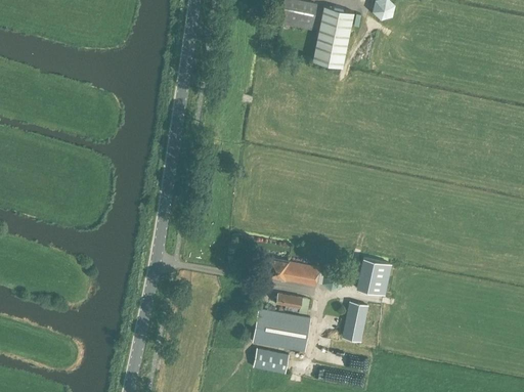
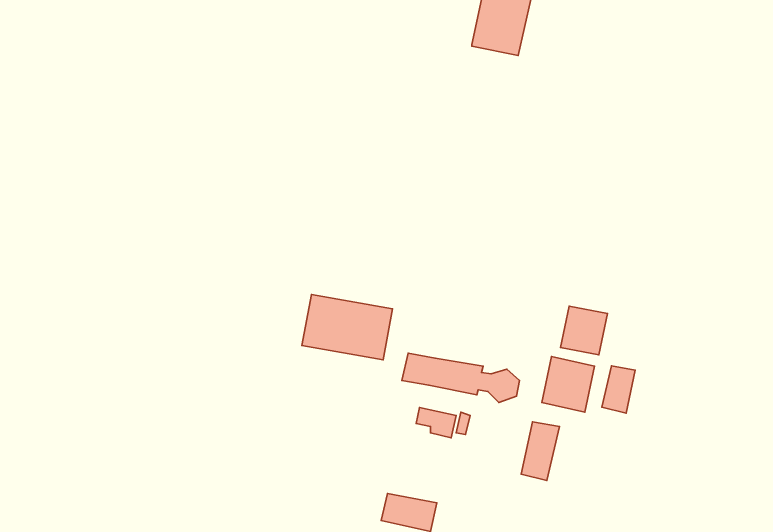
building: none -> [561,306,607,355]
building: none -> [602,366,635,413]
building: [252,309,310,351] -> [302,295,393,360]

